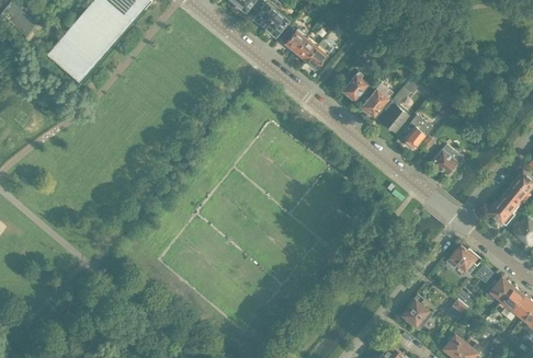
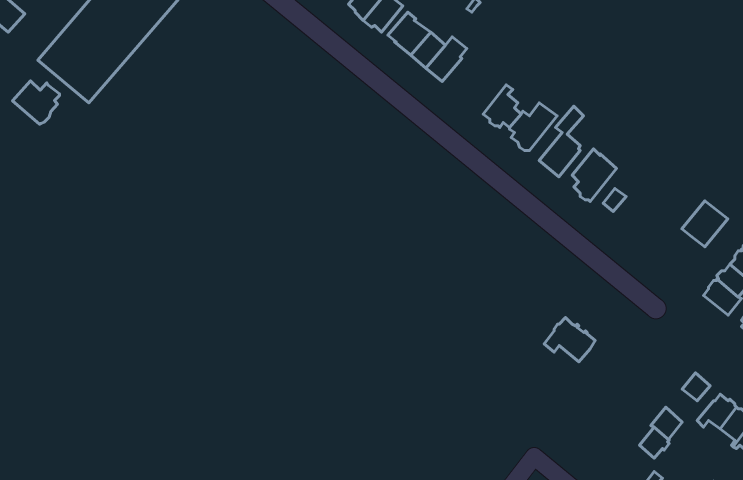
building: none -> [12,81,59,124]
building: [431,145,462,175] -> [682,201,728,247]
building: [446,244,480,274] -> [544,318,595,362]
building: [402,295,432,328] -> none

